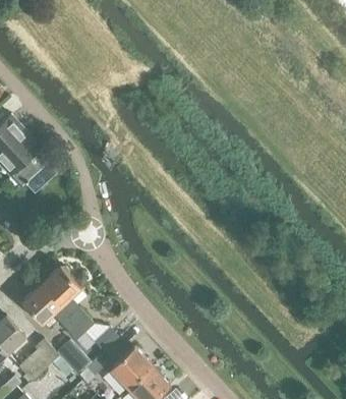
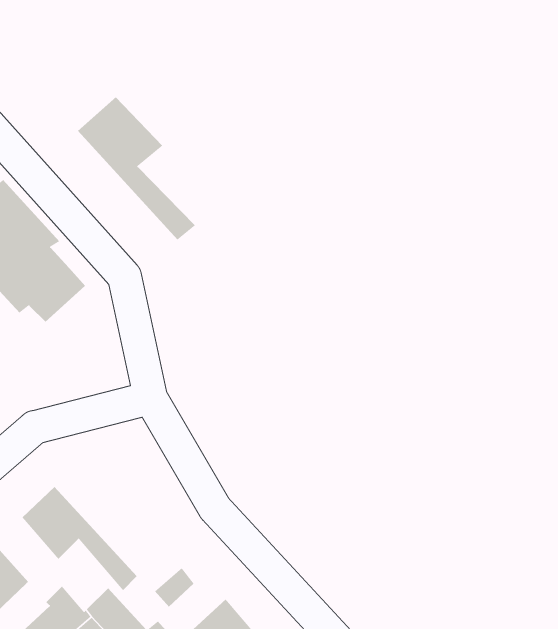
building: none -> [77,97,196,241]
building: [40,265,94,333] -> none

